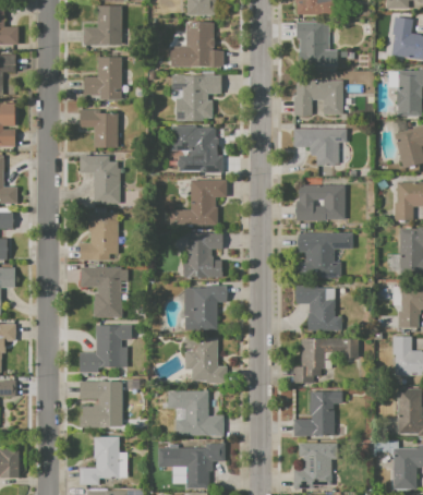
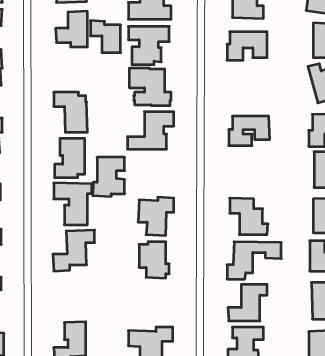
building: [81,108,118,147] -> [90,21,121,53]
building: [294,128,347,165] -> none
building: [183,232,222,280] -> [93,157,125,196]
building: [298,232,353,278] -> none
building: [81,381,123,427] -> none
building: [169,390,225,435] -> none

